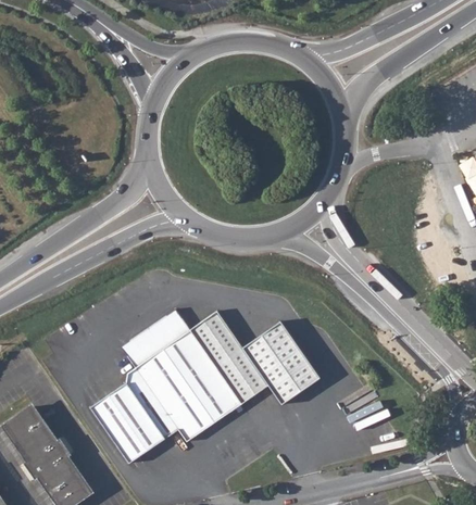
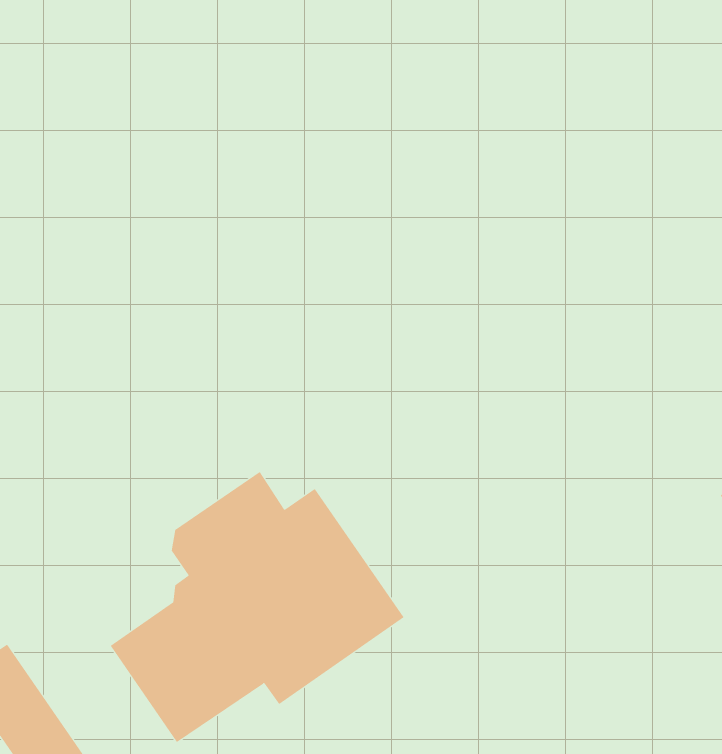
building: [208,308,320,405] -> none

